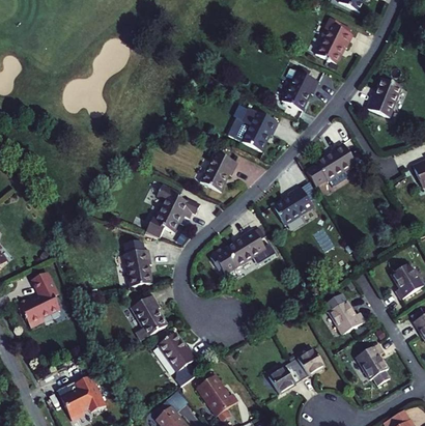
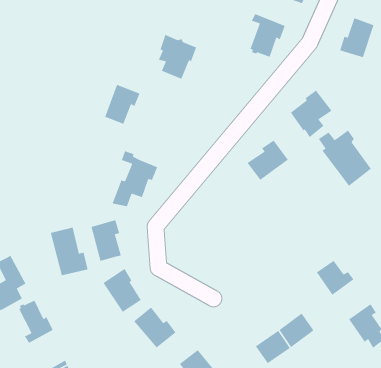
building: [239,107,277,150] -> [158,34,197,80]
building: [201,152,236,191] -> [104,84,141,125]
building: none -> [318,129,372,187]
building: [211,228,264,273] -> none
building: none -> [50,227,88,276]
building: none -> [18,299,54,344]

